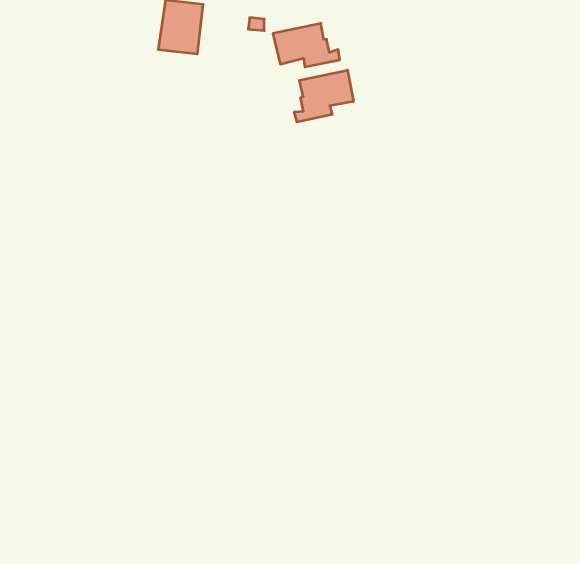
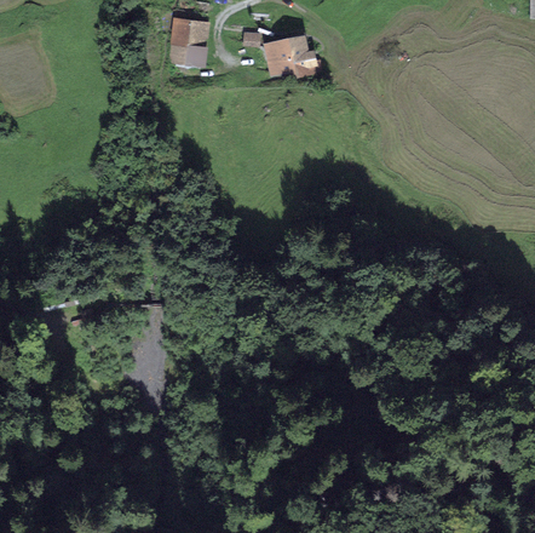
building: [294,70,353,122] -> none

